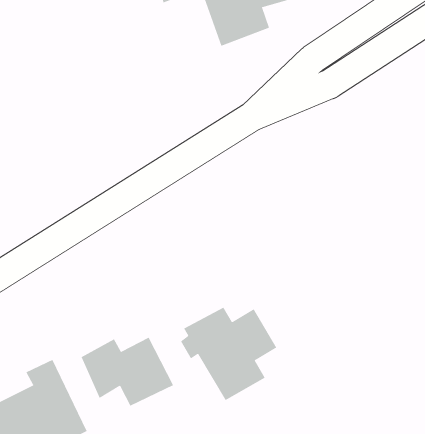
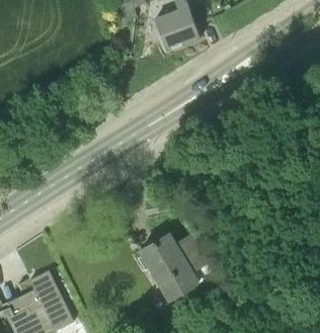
building: [81,337,174,407] -> none

